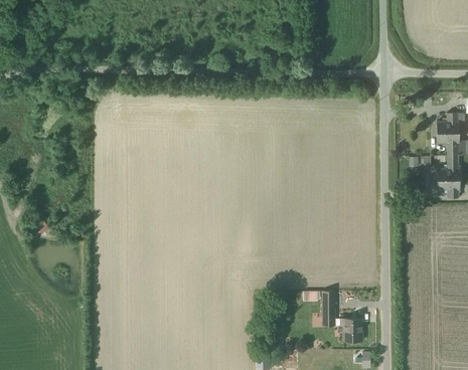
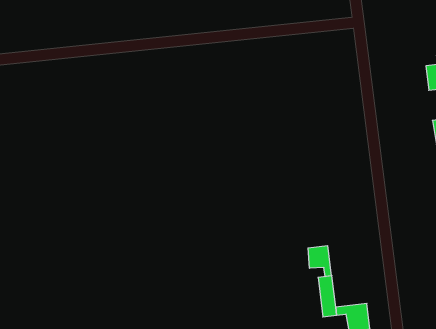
building: none -> [308,246,331,277]

